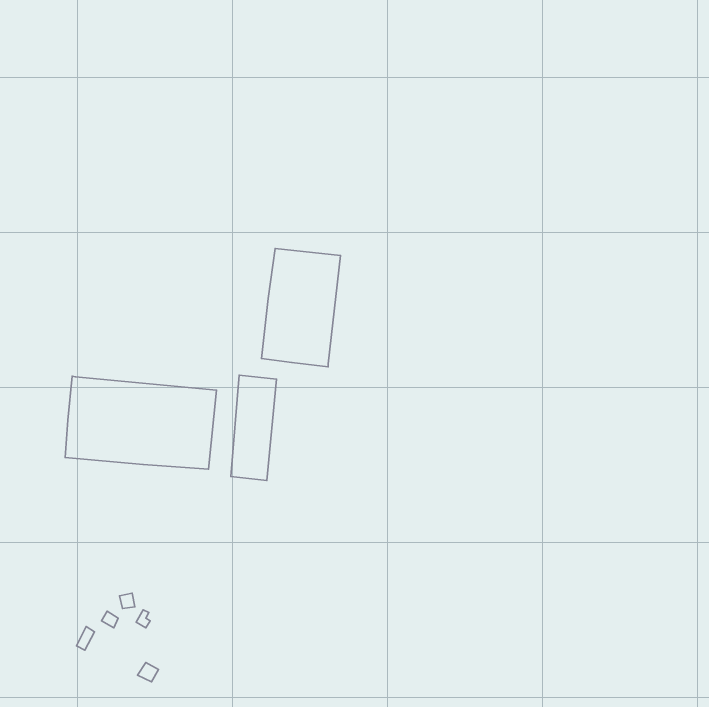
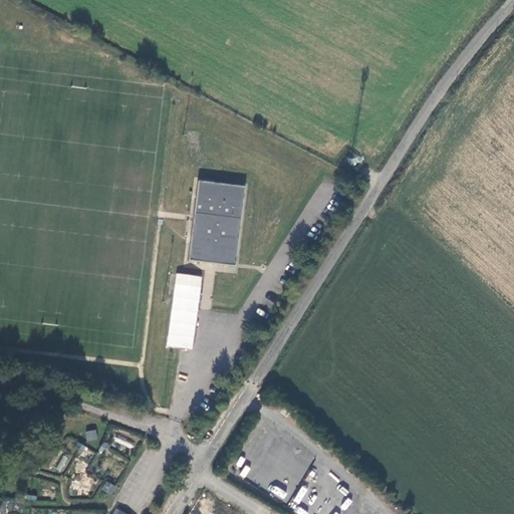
building: [65,376,217,469] -> none

